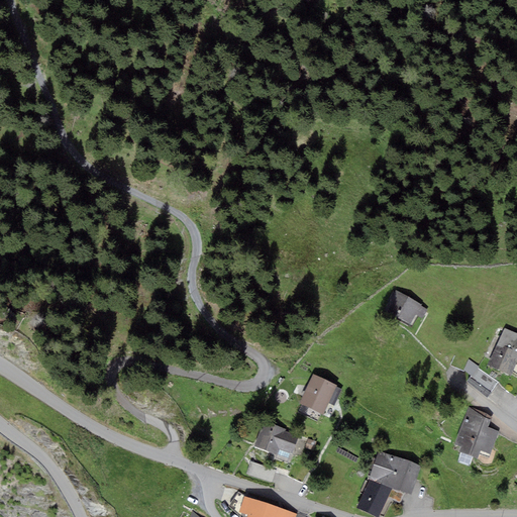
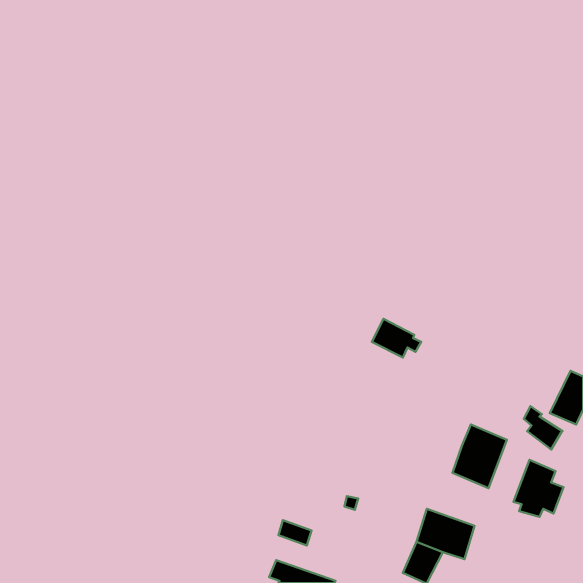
building: [384,290,427,324] -> [372,319,421,358]
building: [299,374,341,415] -> none
building: none -> [453,424,507,488]
building: [254,421,299,454] -> none

